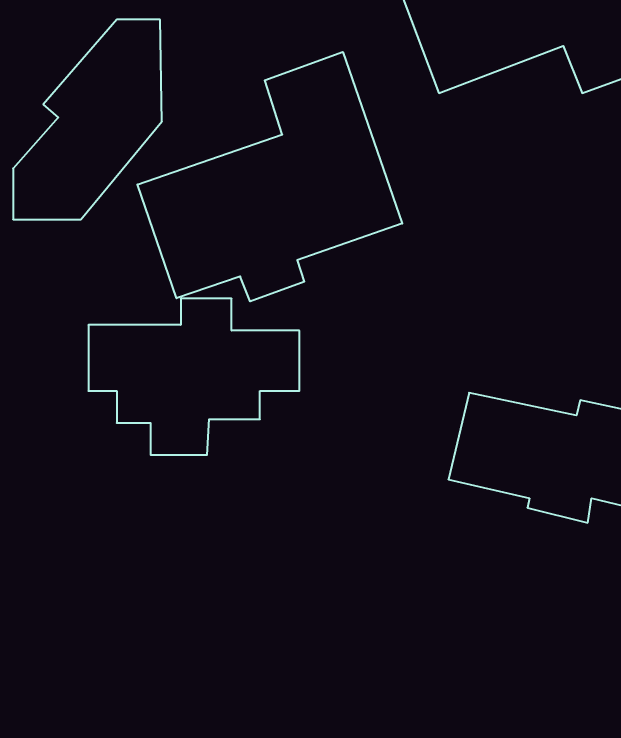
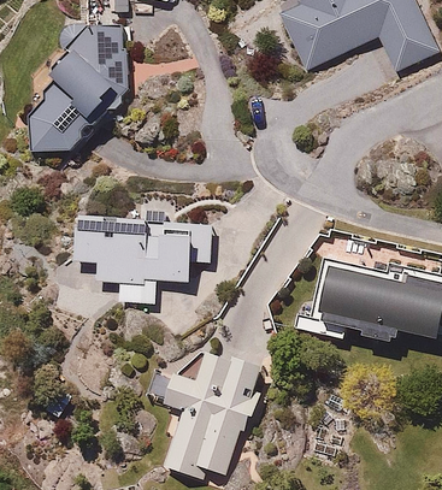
building: [137,52,402,301] -> none
building: none -> [160,346,260,478]

